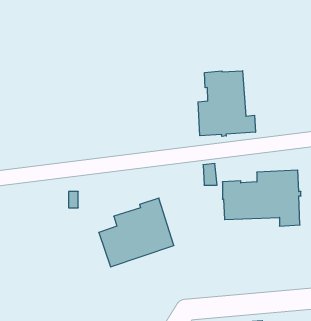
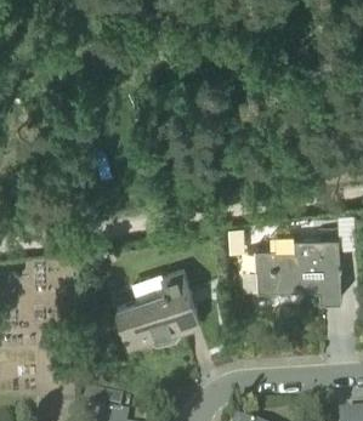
building: [198,71,255,136] -> none

